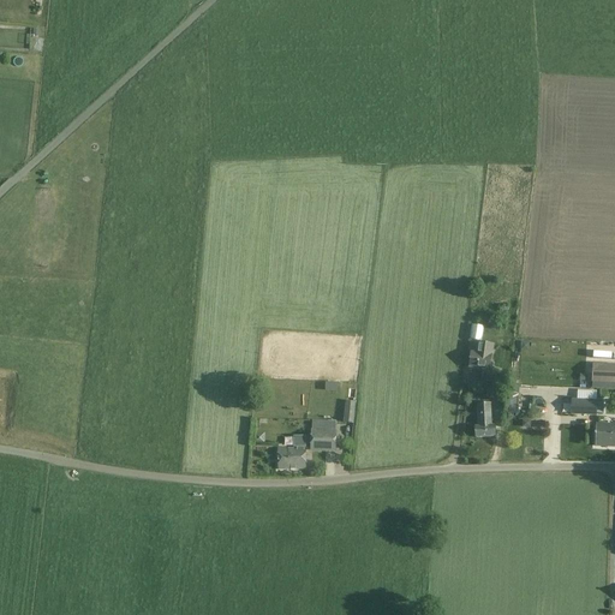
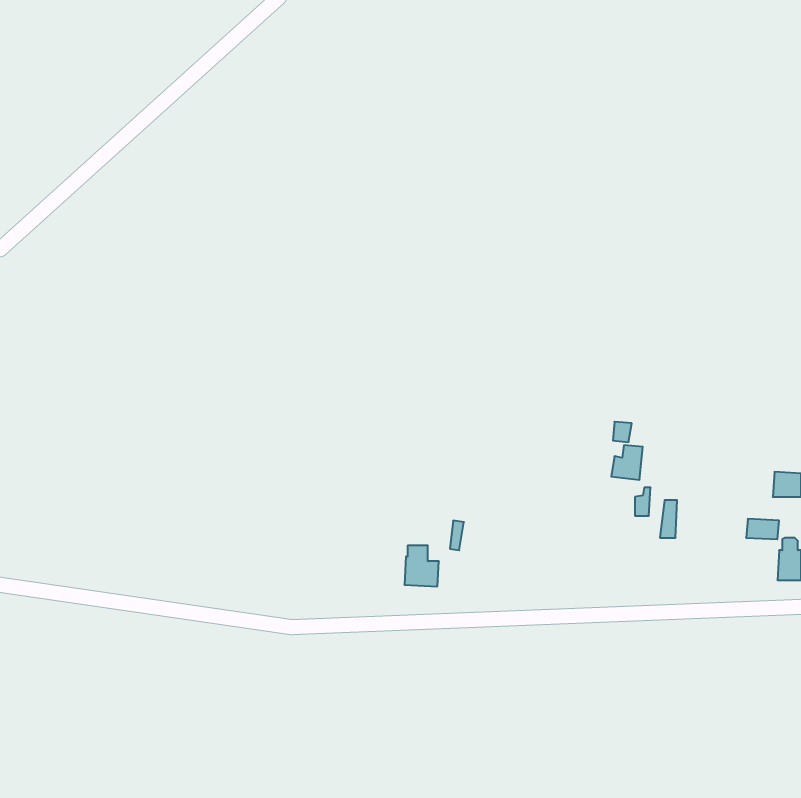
building: [476,401,495,436] -> none
building: [277,435,305,467] -> none

